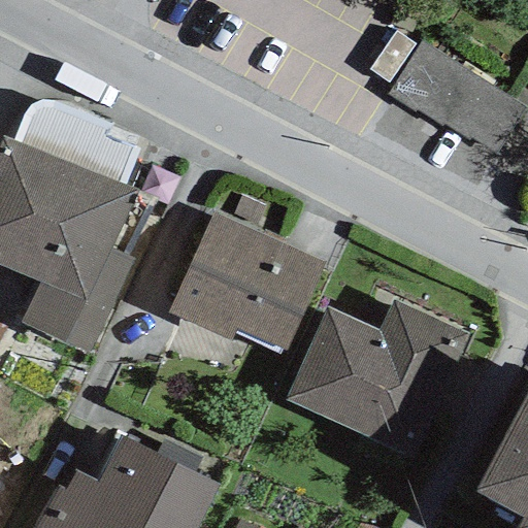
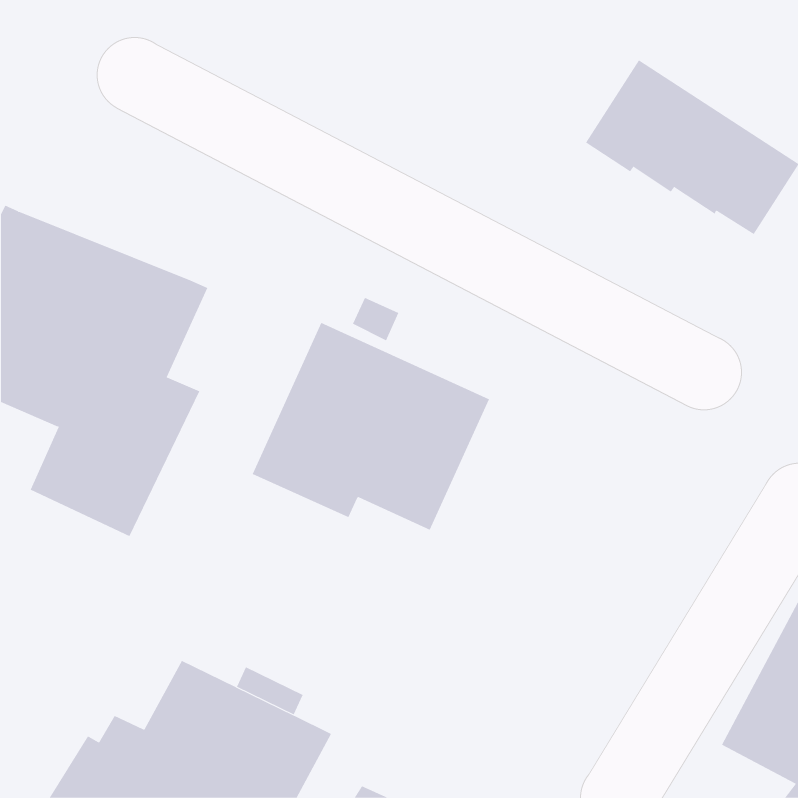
building: [13,99,140,185] -> none
building: [283,300,469,465] -> none

